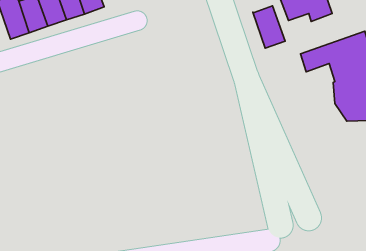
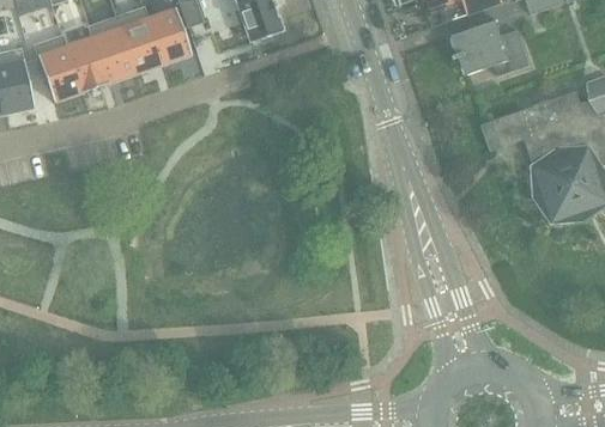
building: [253,6,285,48] -> none

